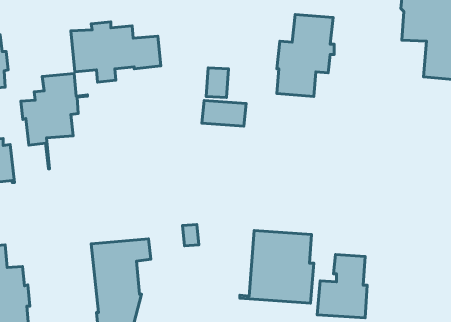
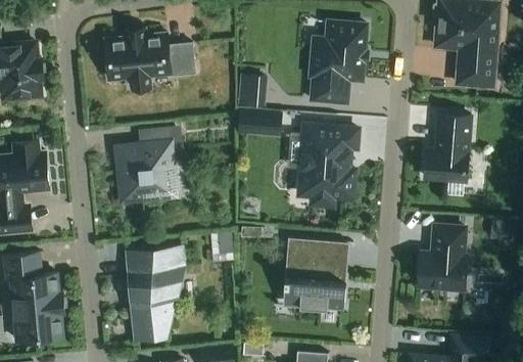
building: [21,73,87,169] -> [116,127,183,222]
building: none -> [425,114,471,181]
building: none -> [299,125,358,206]
building: [317,254,367,318] -> [417,226,467,289]

